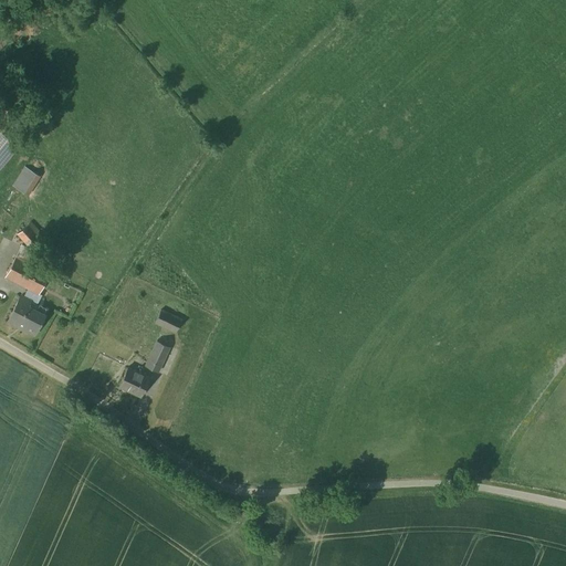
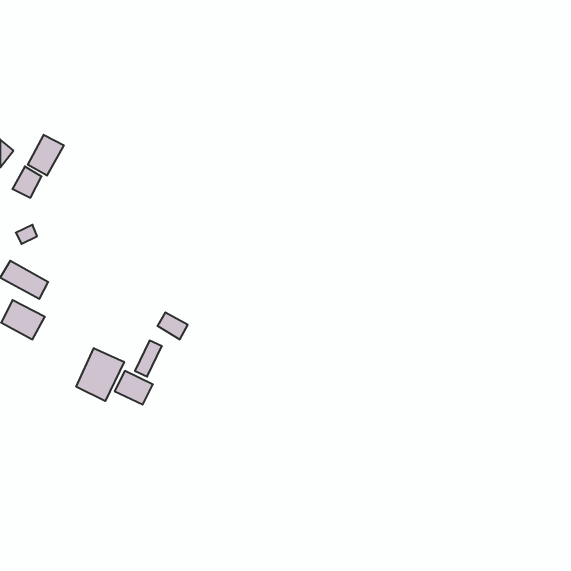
building: none -> [28,135,64,176]
building: none -> [76,348,124,401]

